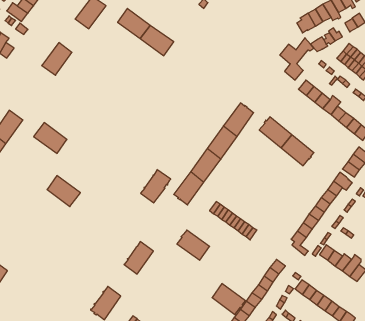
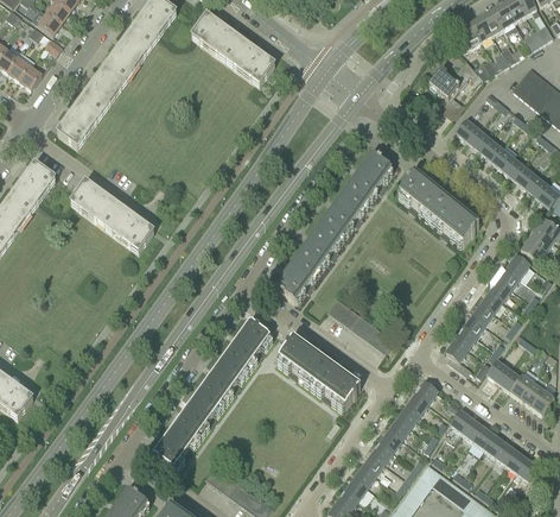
building: none -> [107,30,151,78]
building: none -> [57,97,102,146]
building: [141,170,171,203] -> [225,320,269,368]
building: [47,176,80,207] -> [104,206,153,251]
building: none -> [178,387,221,434]
building: [212,284,245,315] -> [312,361,361,406]

